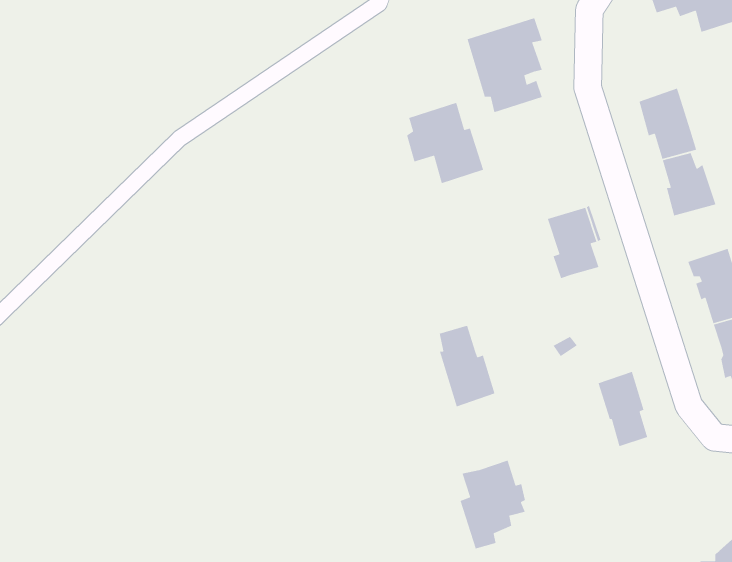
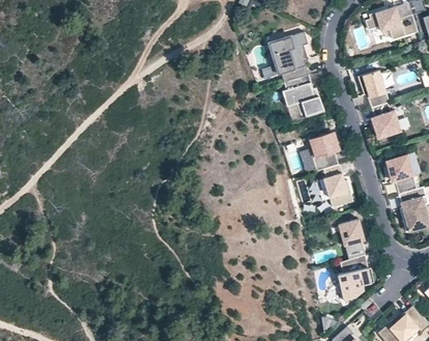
building: [406,102,484,184] -> [282,75,323,118]
building: [439,325,495,407] -> [324,165,354,208]
building: [459,460,526,549] -> [339,255,374,303]

